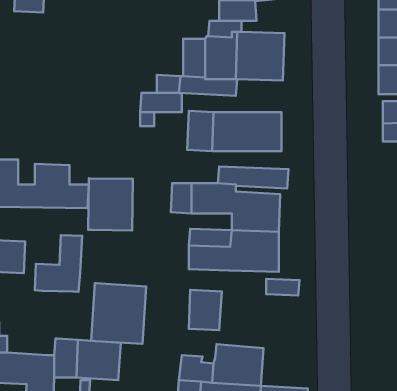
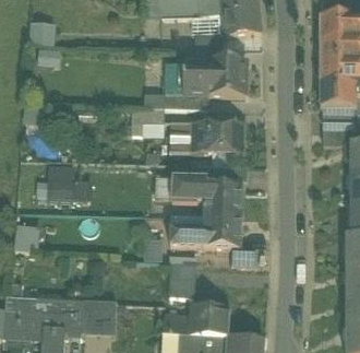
building: [88,178,133,230] -> none
building: [35,235,82,292] -> none
building: [91,283,146,344] -> none

